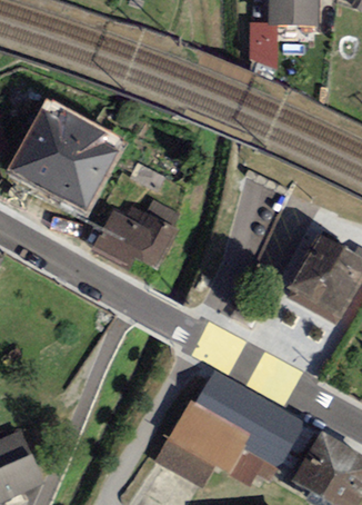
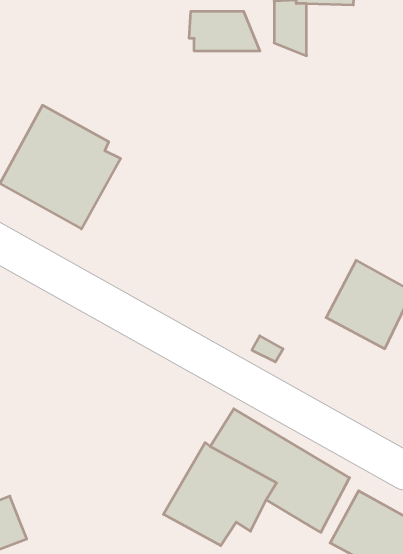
building: none -> [189,11,260,51]
building: [90,198,178,270] -> none
building: [228,445,276,484] -> none

